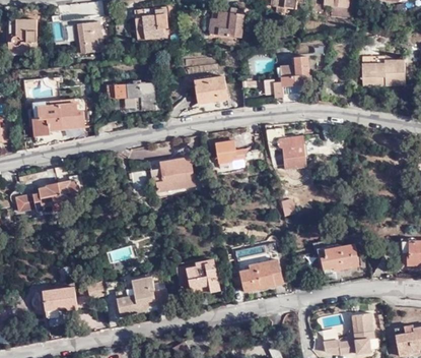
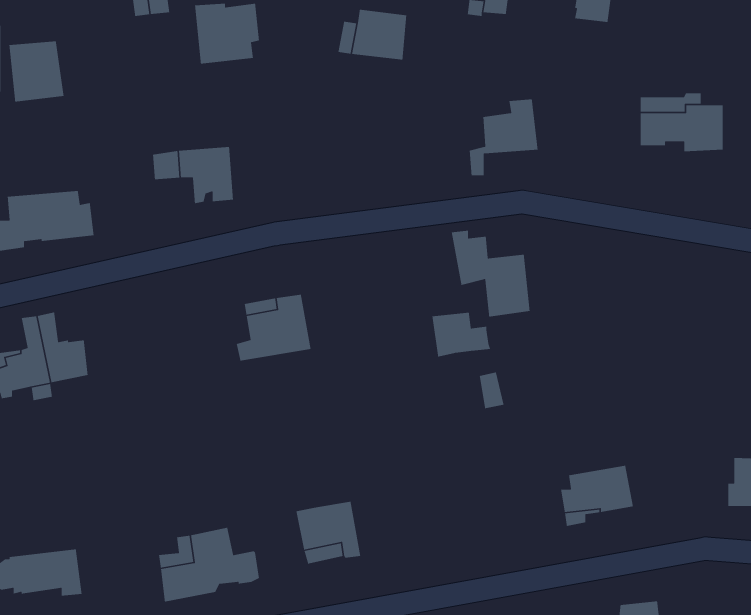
building: [74,21,102,53] -> [9,41,64,102]
building: [195,76,225,102] -> none
building: [215,140,245,164] -> [432,312,491,358]
building: [239,259,282,289] -> none

